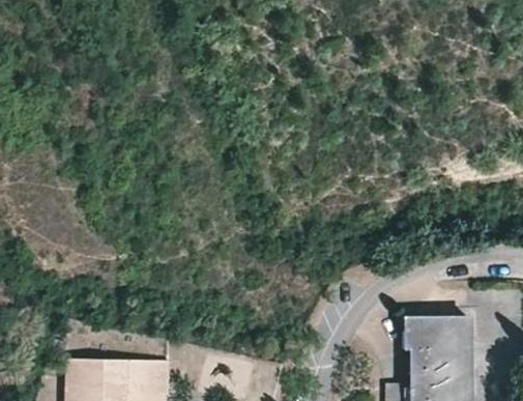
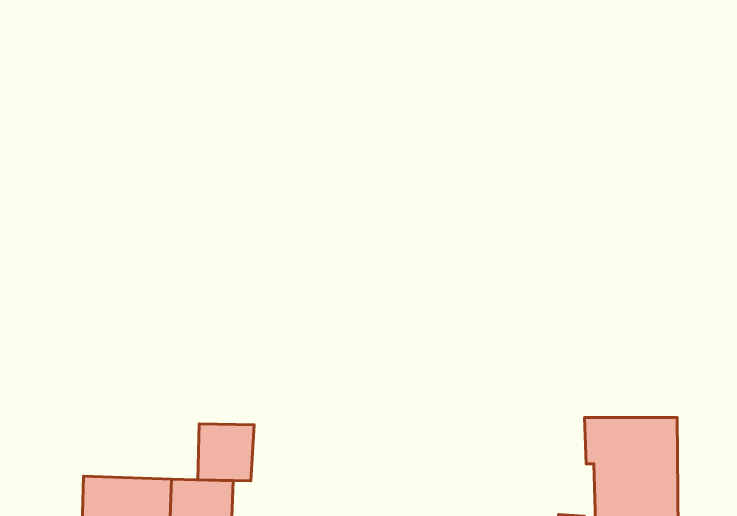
building: none -> [198,424,254,481]

